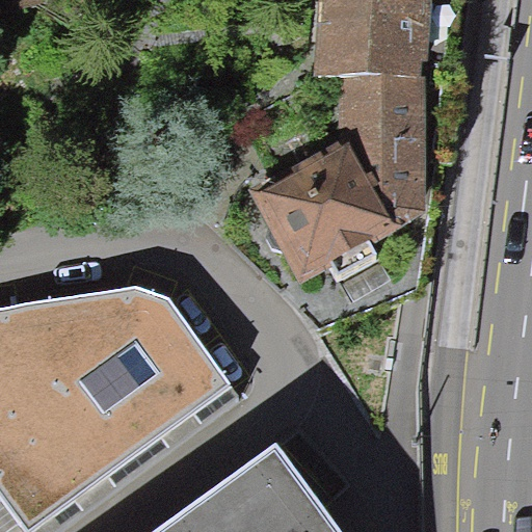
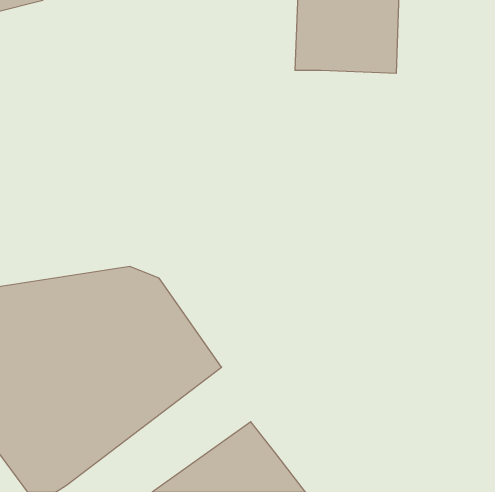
building: [247,75,424,284] -> none

